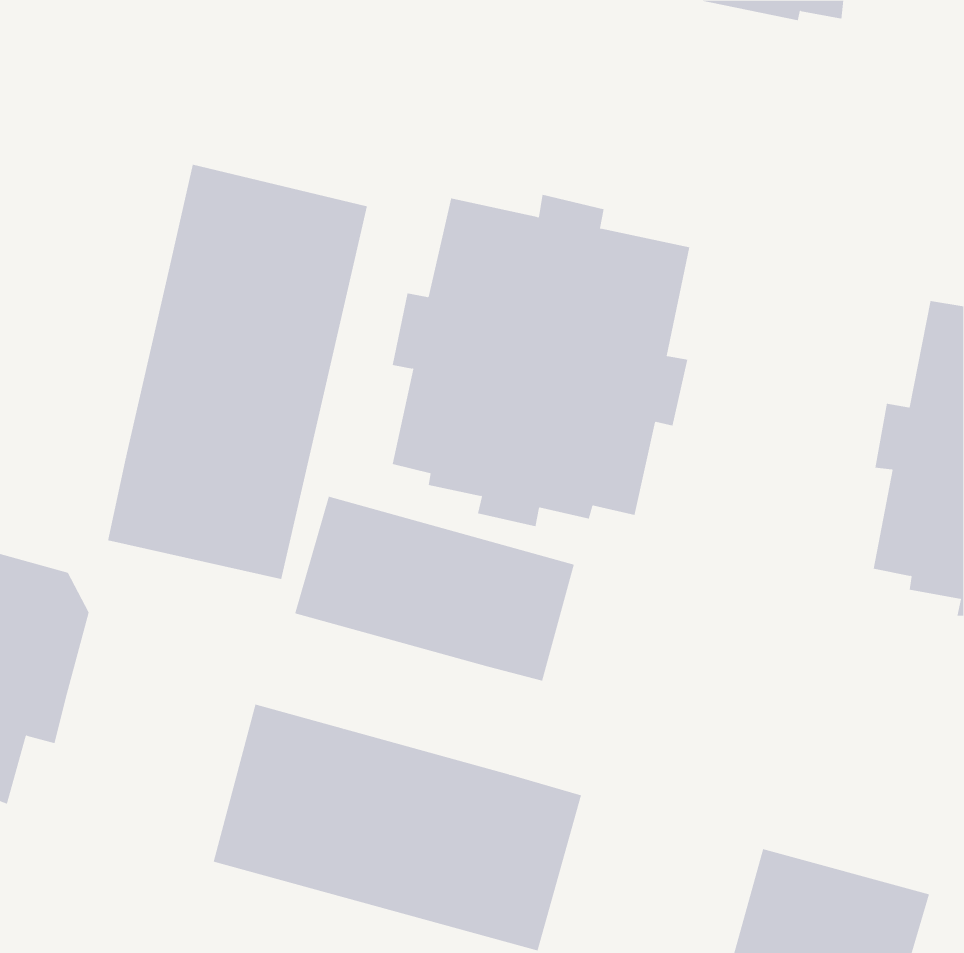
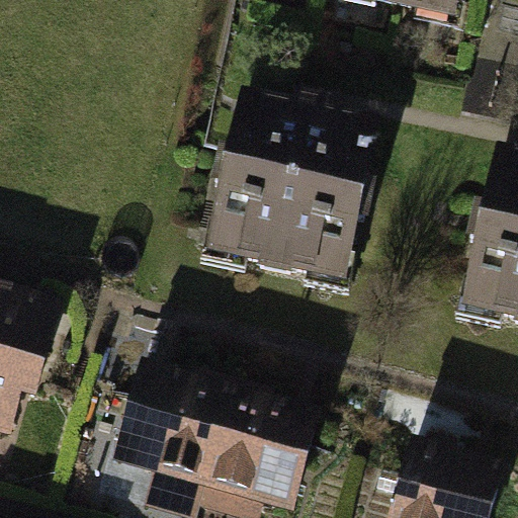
building: [107,164,367,580] -> none
building: [294,496,574,682] -> none

